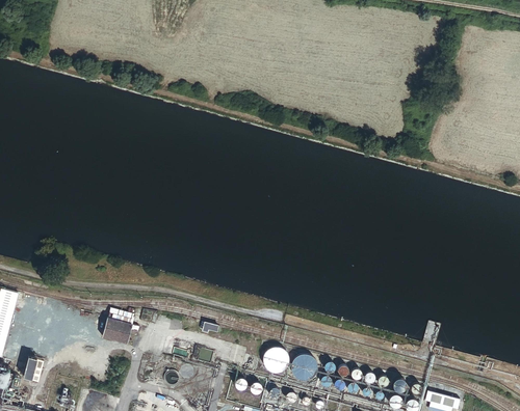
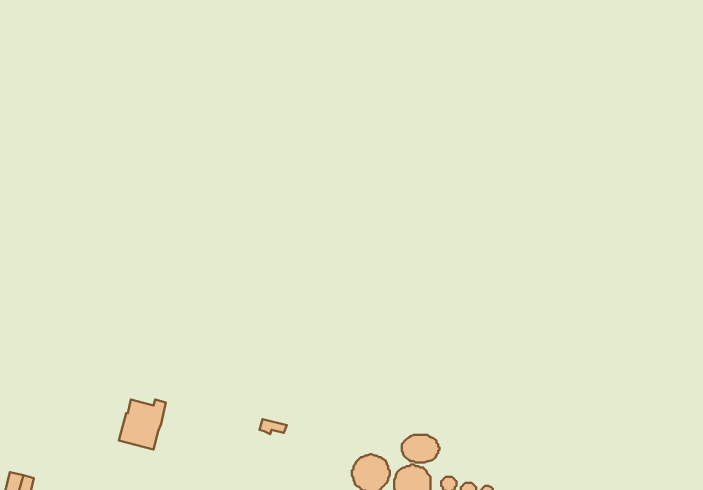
building: none -> [402,435,440,462]

